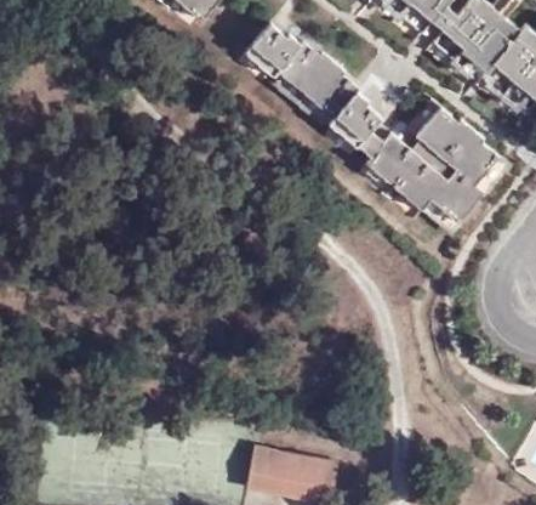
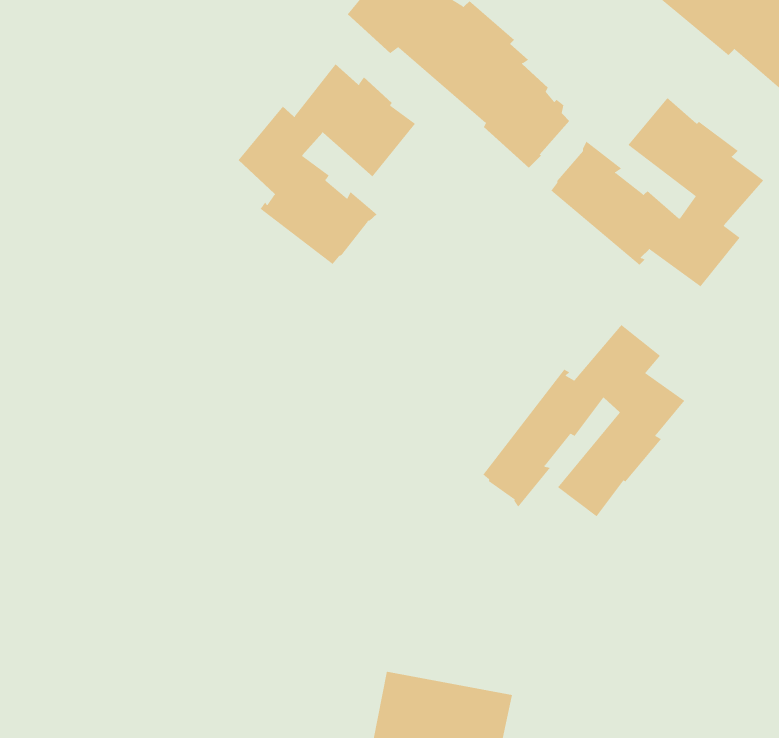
building: none -> [238,63,416,265]
building: none -> [483,324,685,517]

